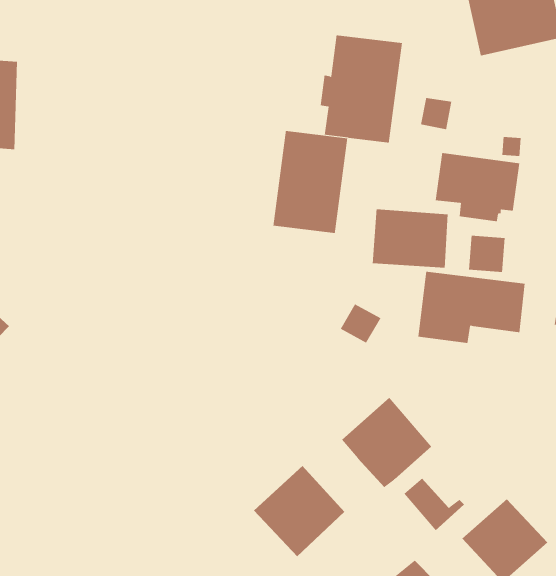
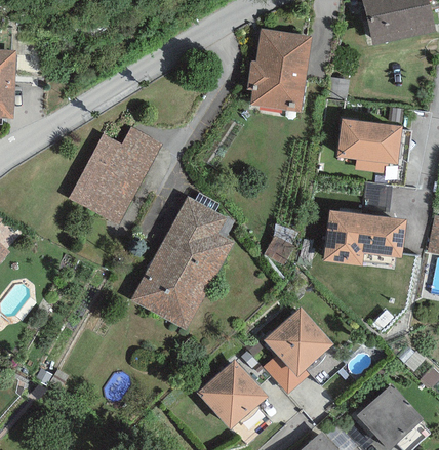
building: [273,130,348,234] -> none
building: none -> [69,126,163,226]
building: [372,208,448,269] -> none
building: none -> [131,195,234,330]
building: [404,478,465,531] -> [263,354,310,395]

